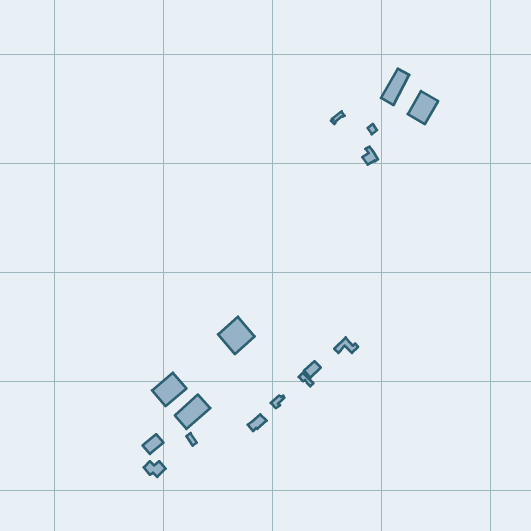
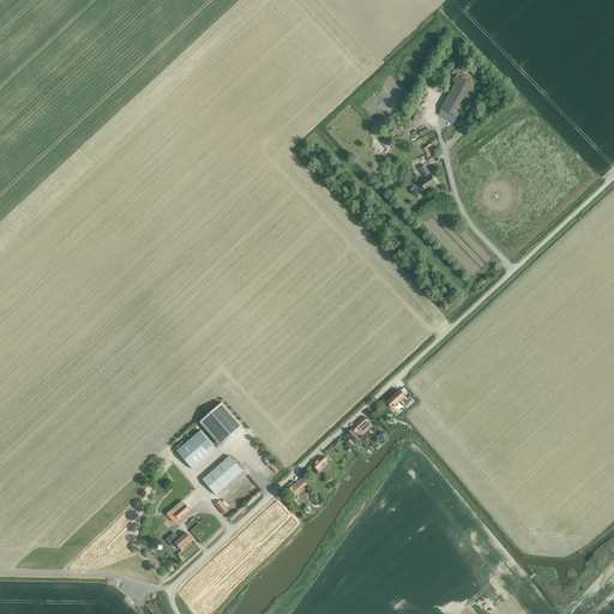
building: [408,91,438,124] -> none
building: [218,317,255,354] -> [199,402,241,445]

